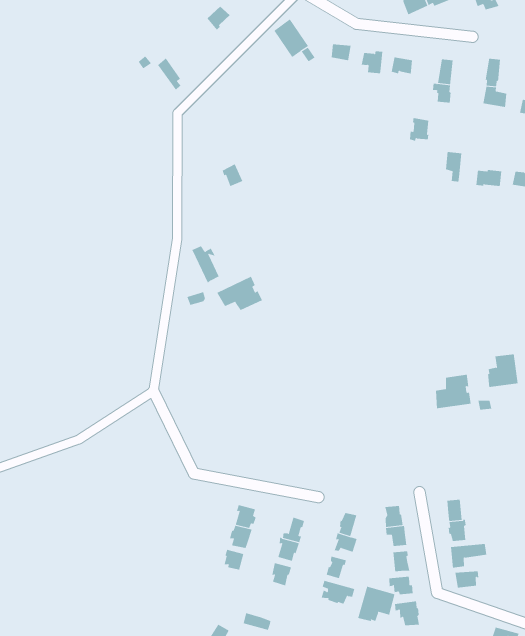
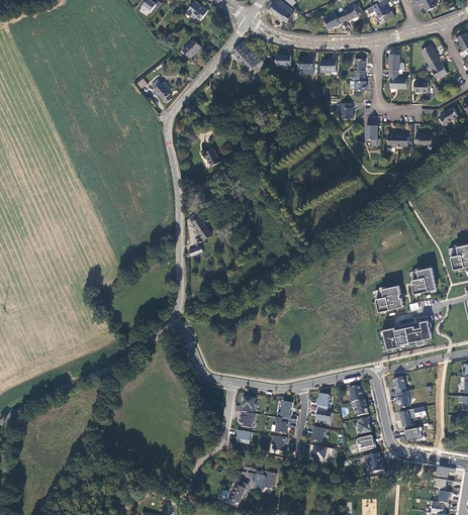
building: [216,276,263,311] -> none
building: none -> [382,320,431,349]
building: [358,586,395,622] -> none

